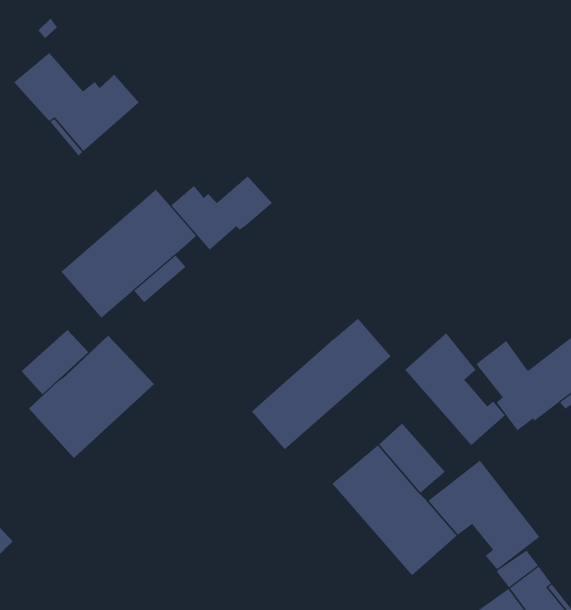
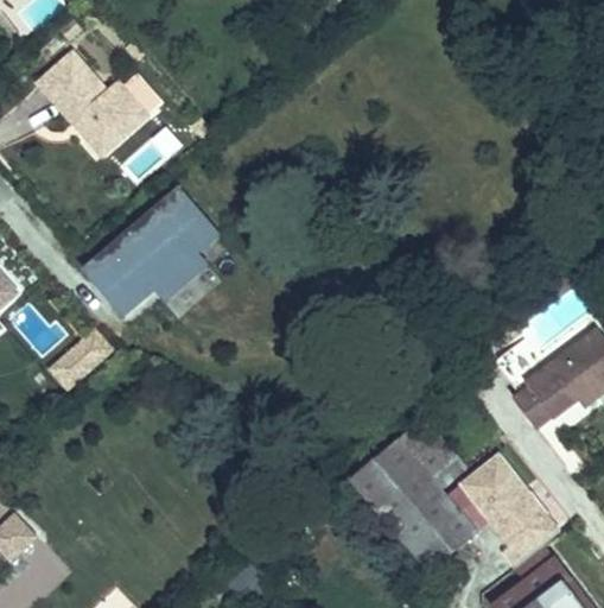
building: [171,175,273,251] -> none
building: [251,318,391,450] -> none
building: [404,333,506,446] -> none
building: [28,335,155,459] -> none

